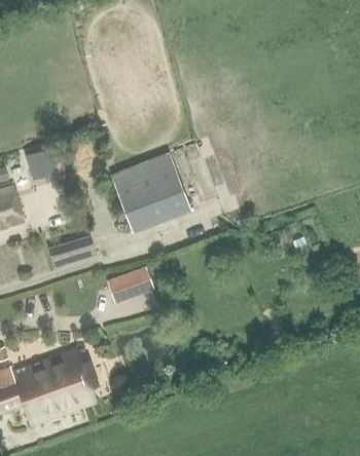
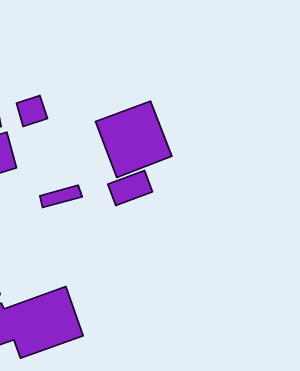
building: [107,264,154,301] -> [108,171,152,205]

